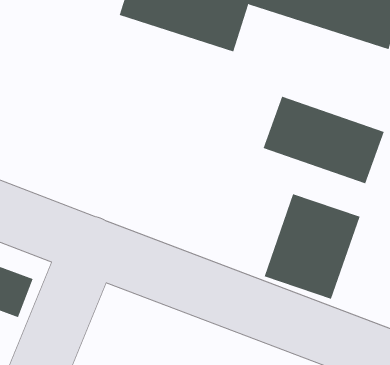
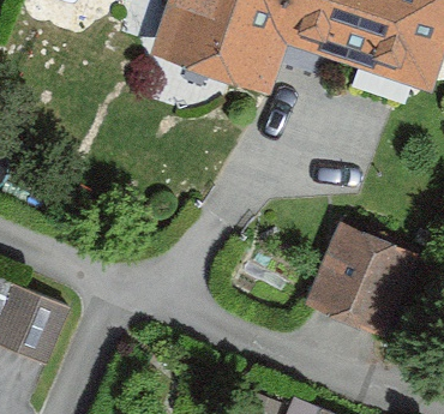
building: [263,96,384,184] -> none

